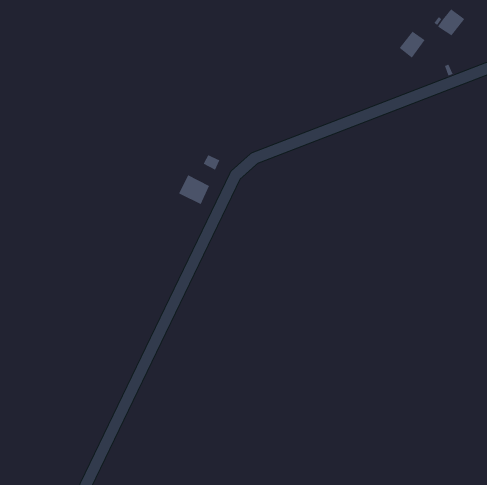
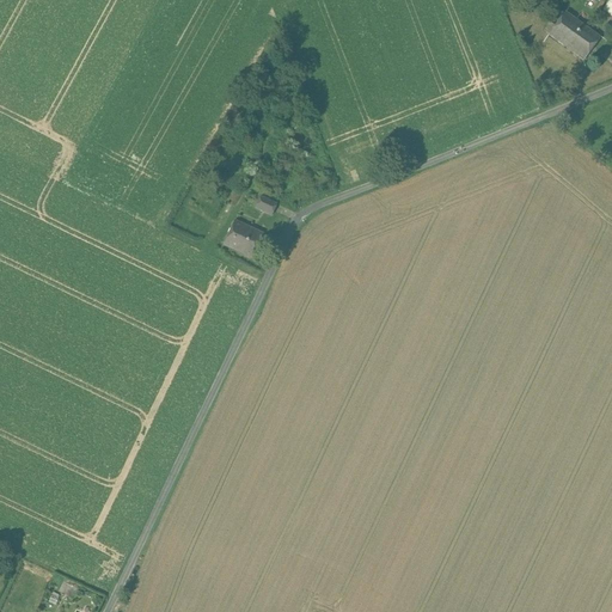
building: [399,31,426,58] -> [567,24,600,59]

